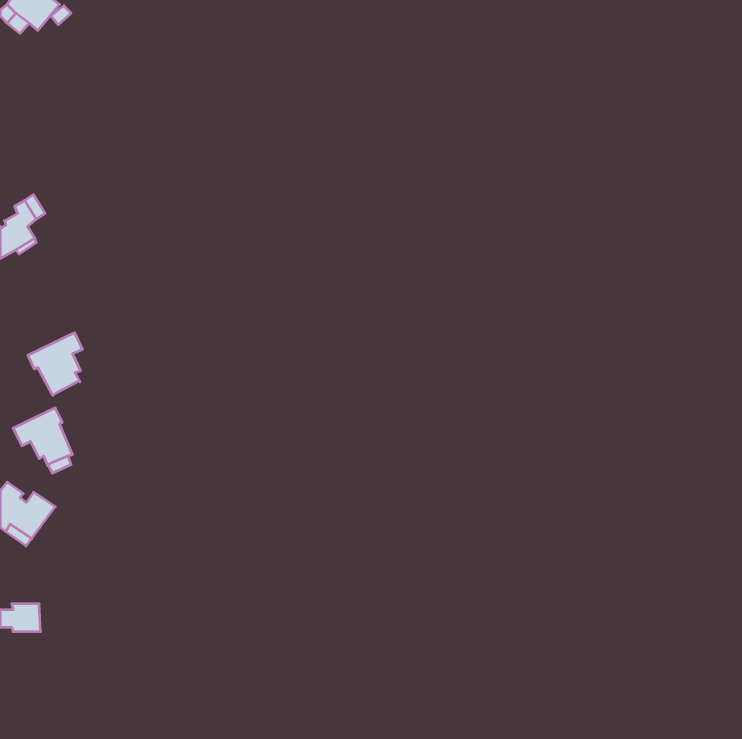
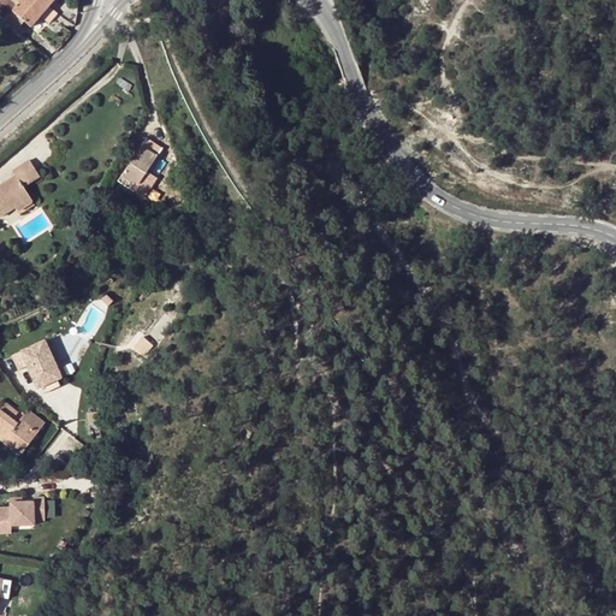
building: none -> [118,140,161,192]
building: [28,333,82,395] -> none

